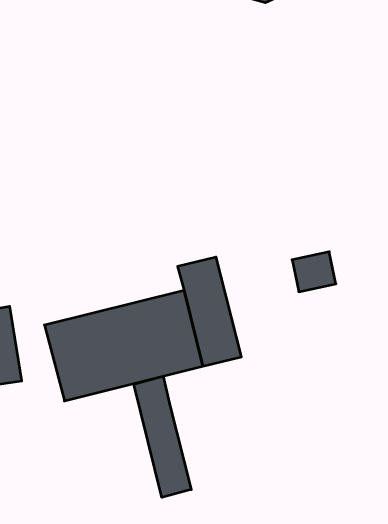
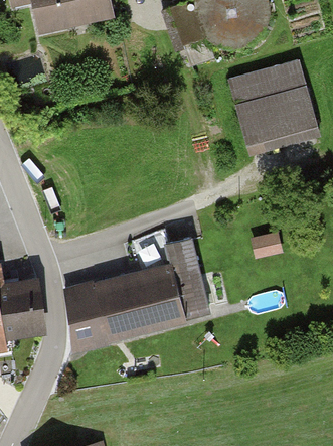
building: none -> [225,57,317,147]
building: [134,376,191,497] -> none

